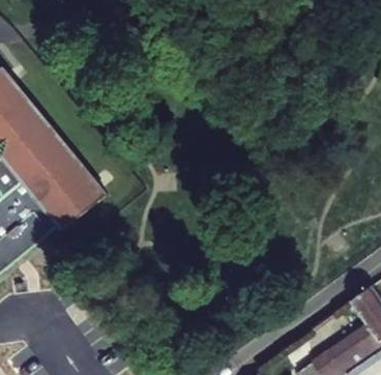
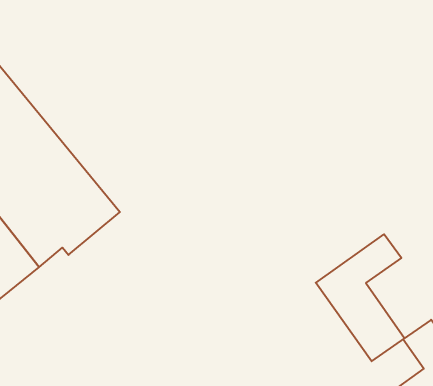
building: none -> [316,234,405,361]

